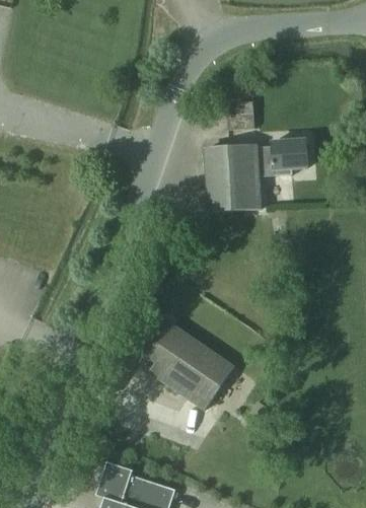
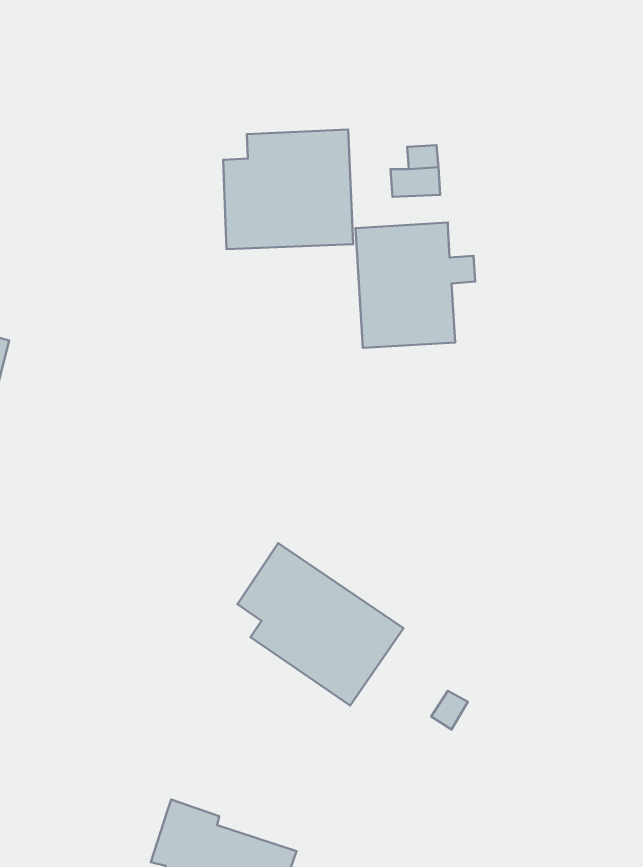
building: none -> [223,129,353,249]
building: [258,139,306,175] -> none

